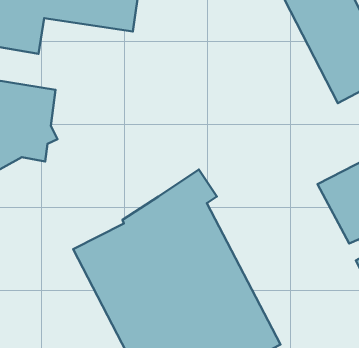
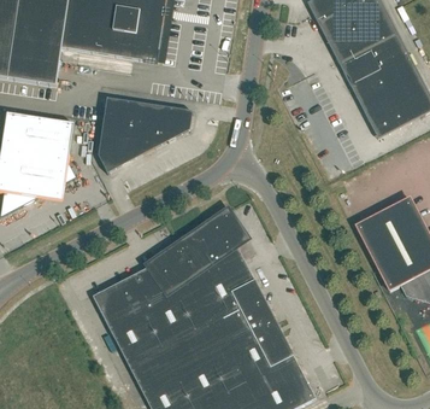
building: none -> [98,97,193,173]

